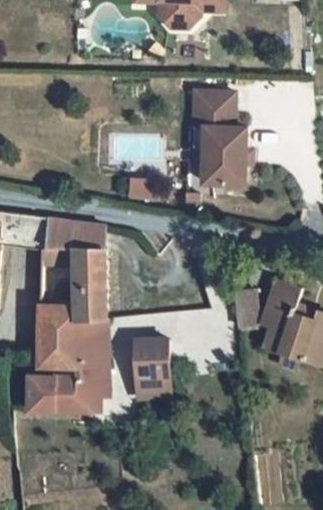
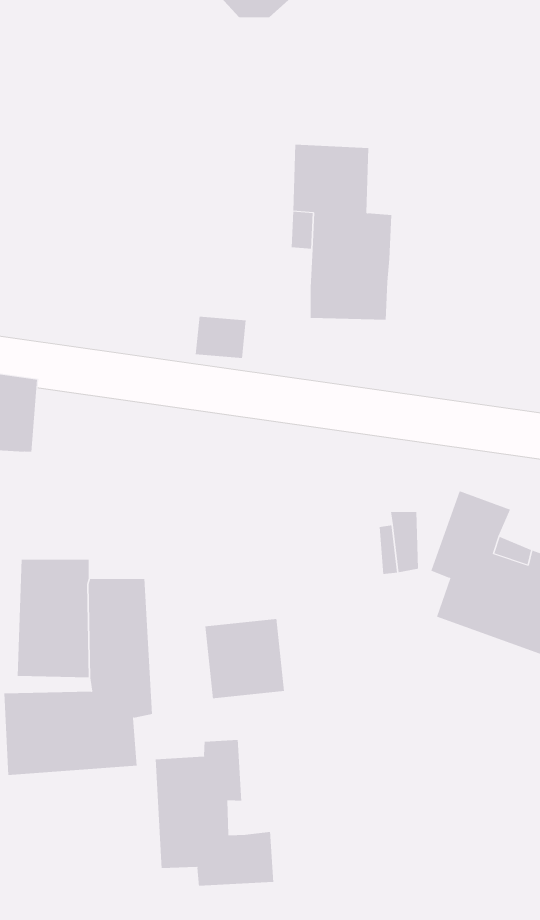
building: [43,218,108,322] -> none
building: none -> [155,739,274,887]

